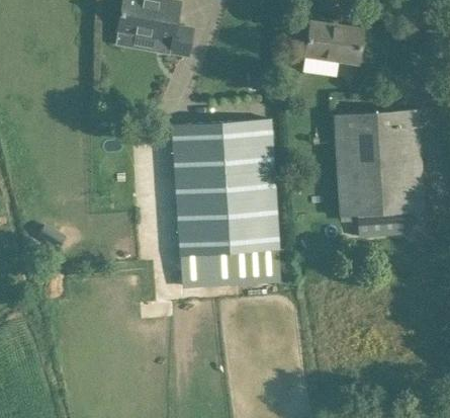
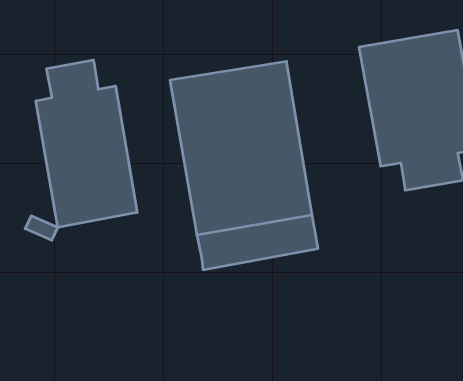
building: none -> [36,60,137,227]

